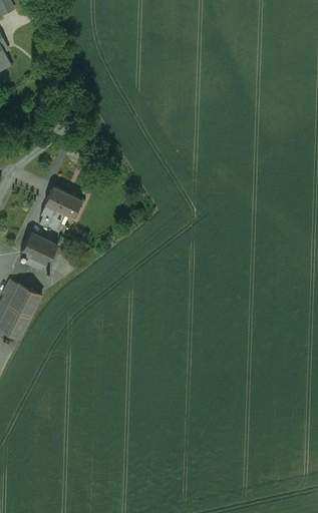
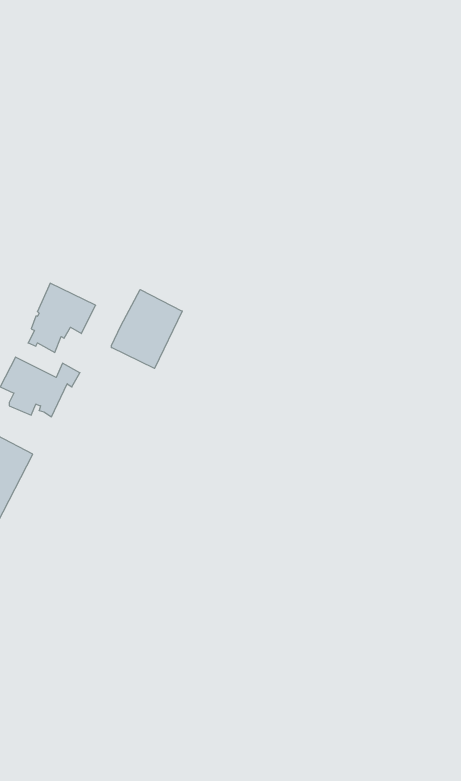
building: none -> [111,290,182,368]

